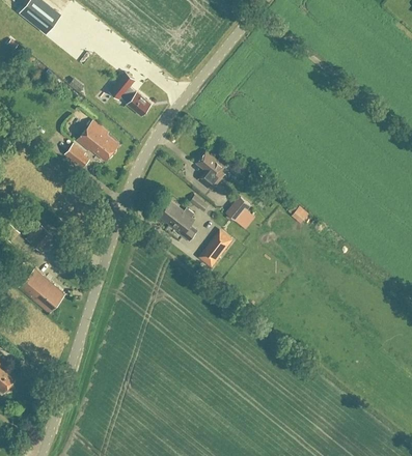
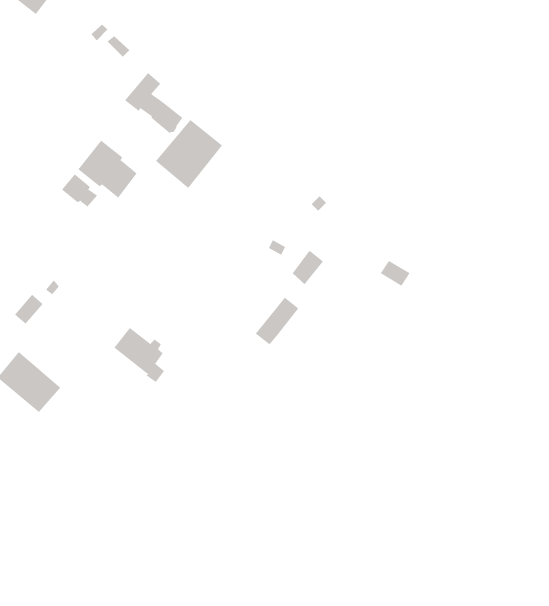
building: none -> [155,119,223,189]
building: [195,150,227,190] -> none
building: [159,201,195,240] -> [113,327,165,383]

